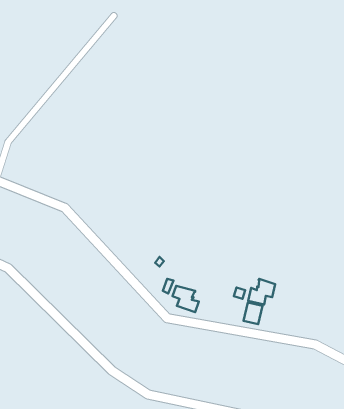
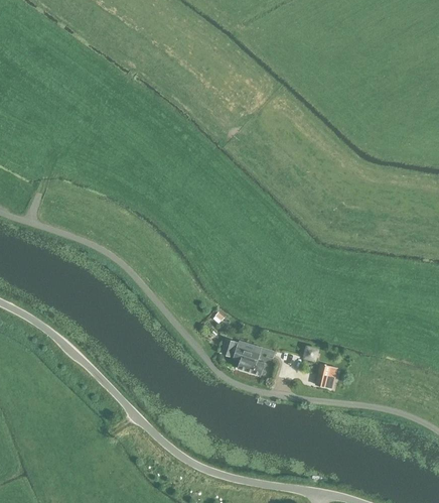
building: [248,279,275,305] -> none

